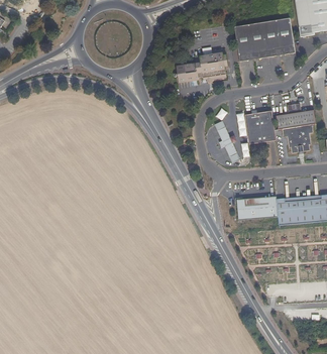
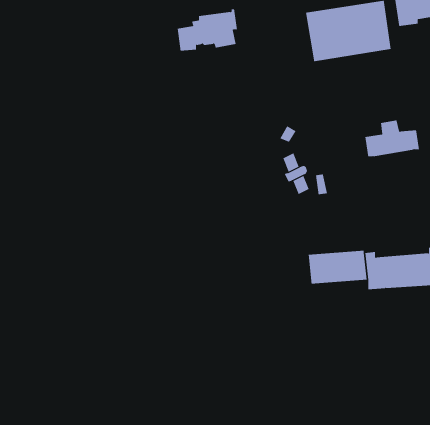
building: [184,50,227,81] -> [177,9,238,51]
building: [243,109,276,143] -> none
building: [282,124,313,153] -> none

